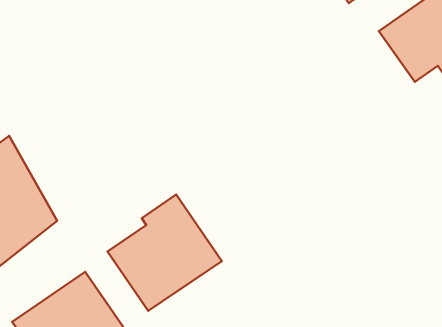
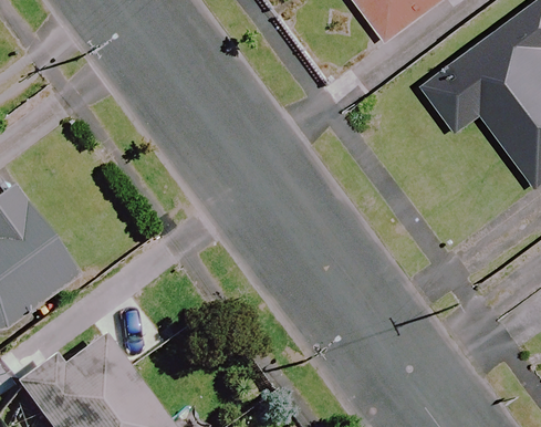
building: [108,194,222,311] -> none

